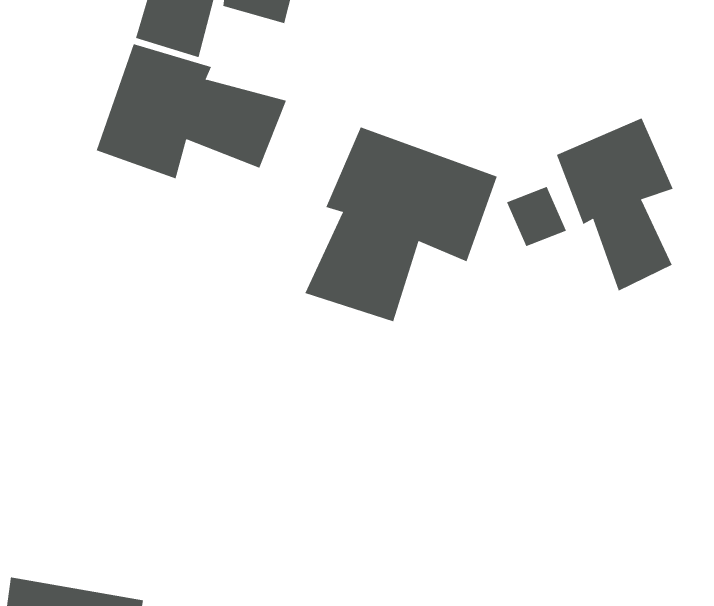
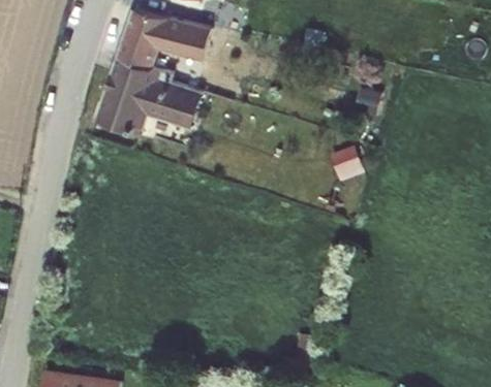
building: [556,117,673,292] -> none
building: [304,127,498,322] -> none

